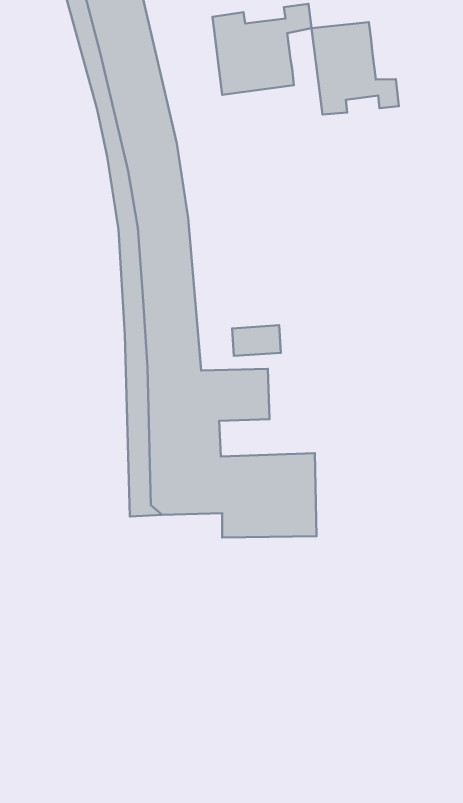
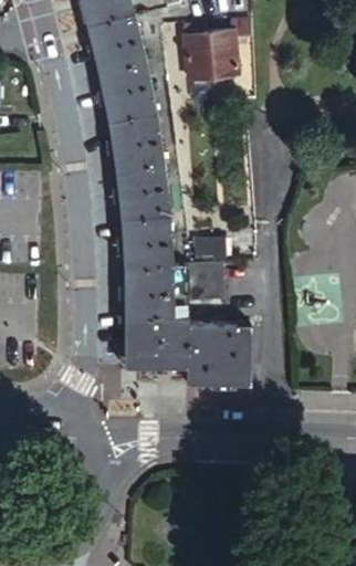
building: [312,22,399,114] -> none

